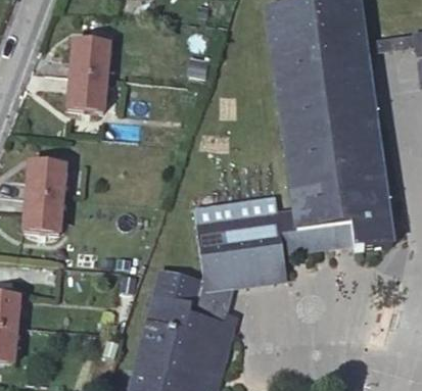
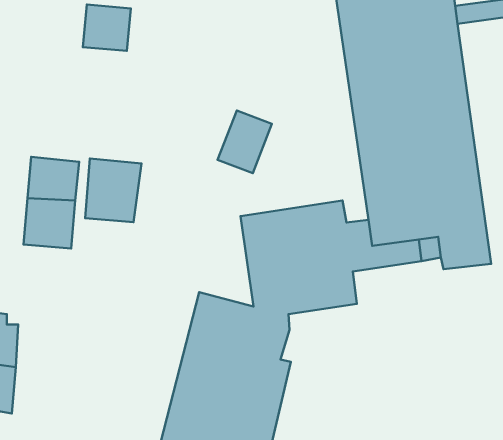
building: [66,74,104,110] -> none
building: none -> [218,110,272,173]
building: none -> [85,159,141,222]

